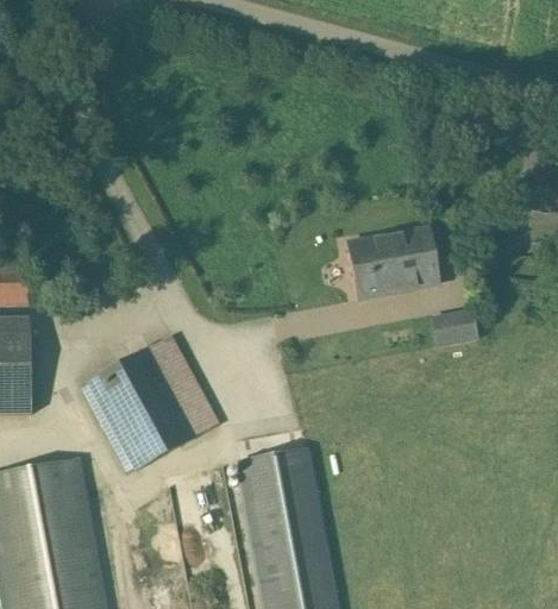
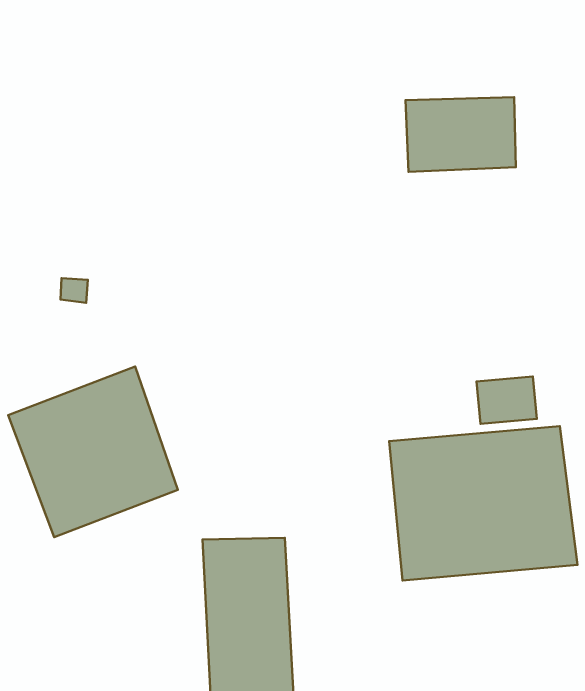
building: [347,230,439,297] -> [405,97,516,172]
building: none -> [389,426,577,581]

